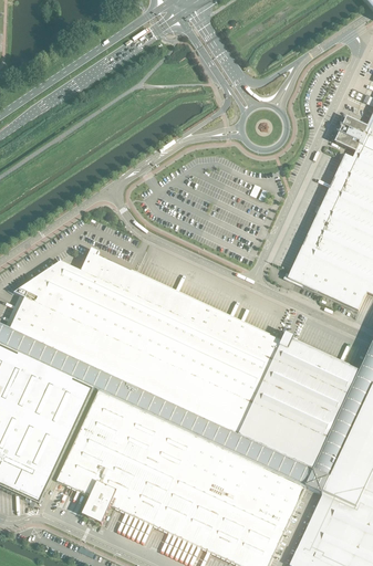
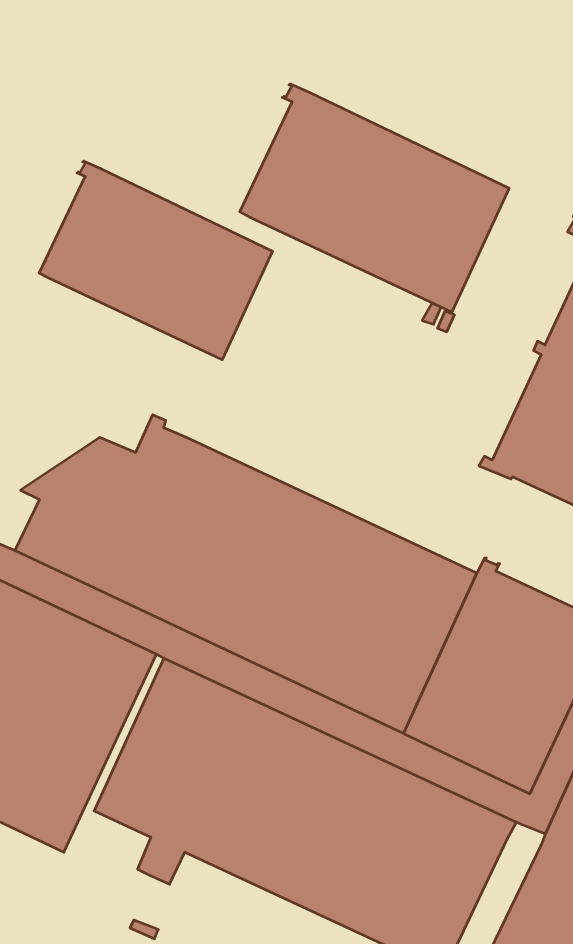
building: none -> [240,84,509,312]
building: none -> [39,161,272,360]

